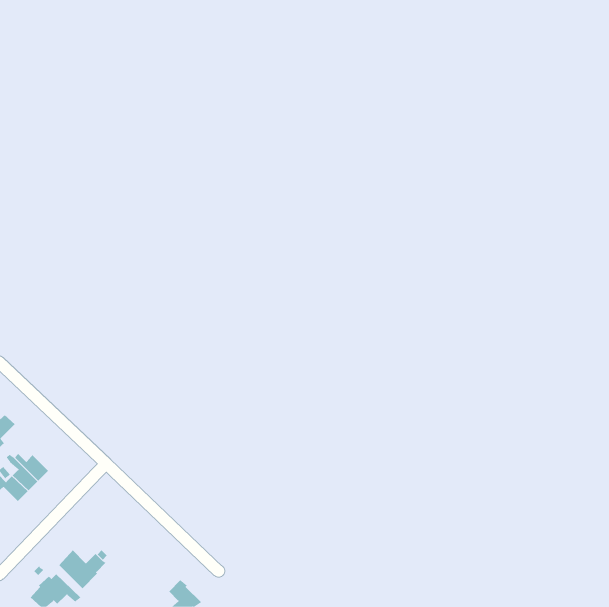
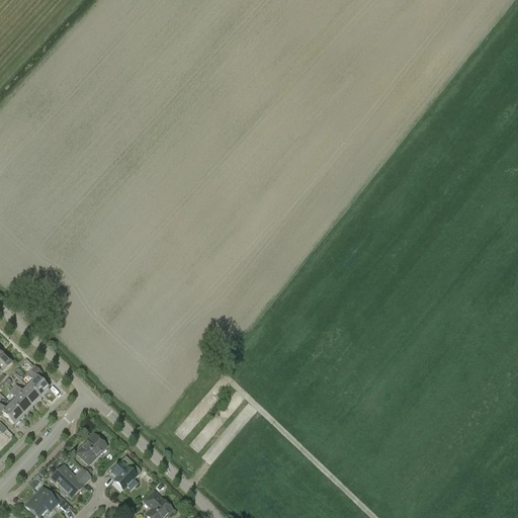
building: none -> [26,365,50,399]
building: none -> [77,433,106,463]
building: none -> [109,455,139,490]

